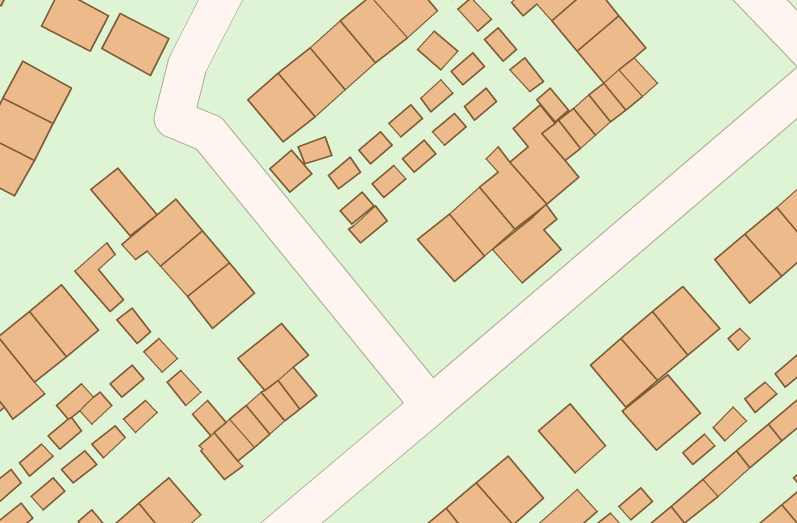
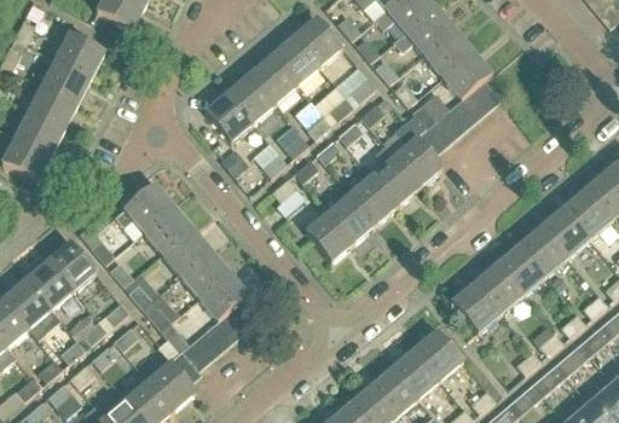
building: [102,13,169,75] -> [42,58,91,103]
building: [91,168,157,236] -> none
building: [493,205,561,283] -> none
building: none -> [305,212,353,261]
building: none -> [517,226,566,276]
building: none -> [179,250,228,297]
building: [622,375,700,450] -> none
building: none -> [392,349,440,398]
building: none -> [147,364,193,410]

